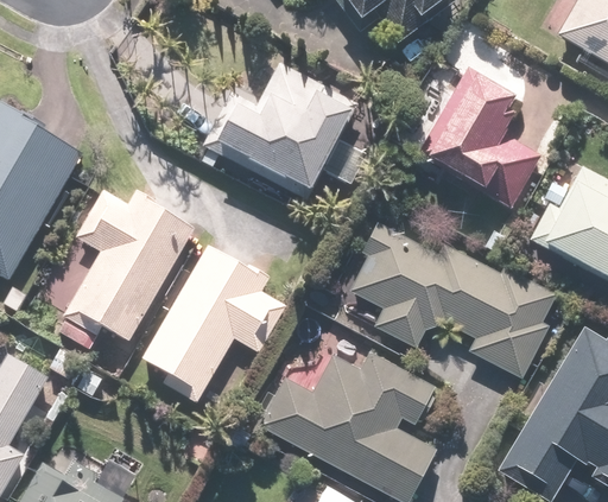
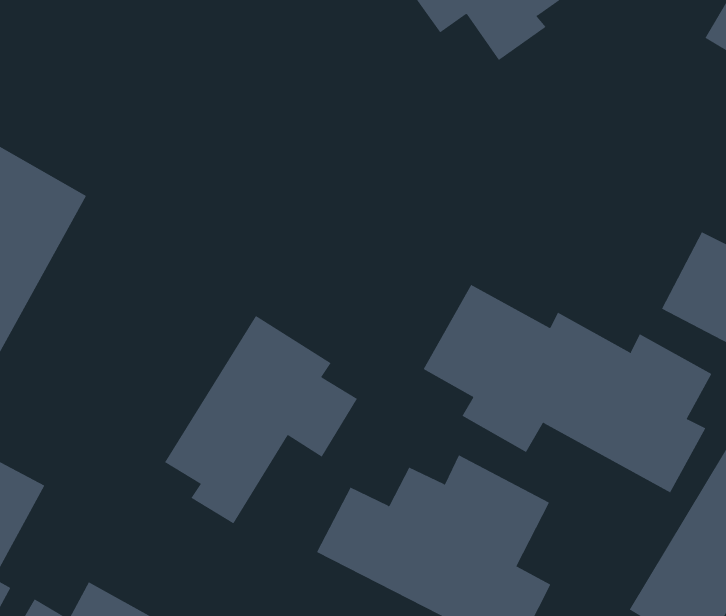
building: [207,61,357,202] -> none
building: [416,66,550,211] -> none
building: [58,193,192,345] -> none

